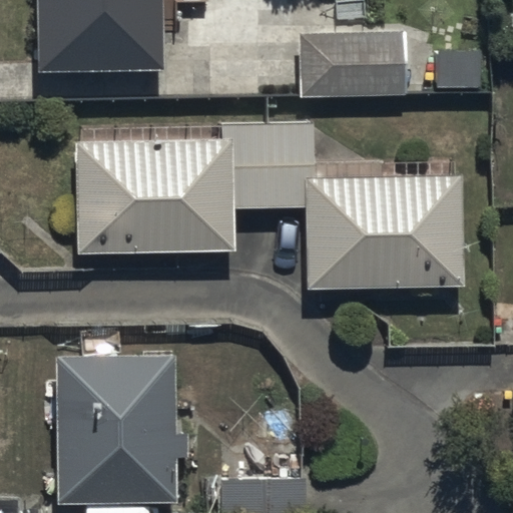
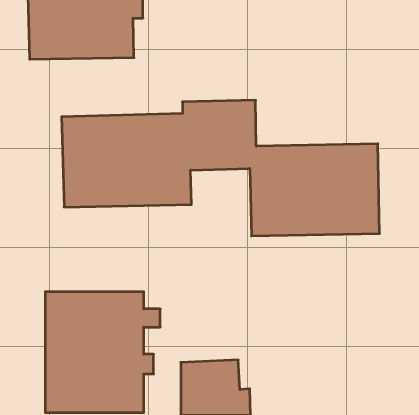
building: [299,33,408,95] -> none

